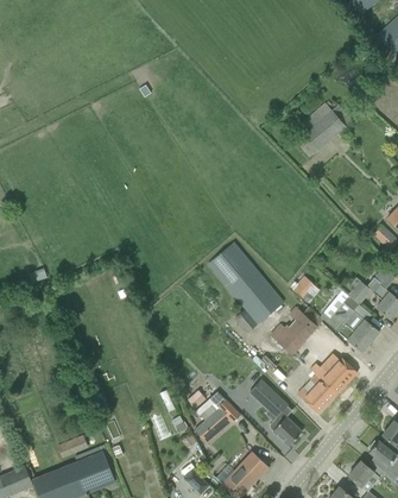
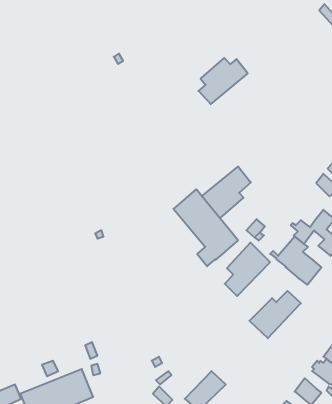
building: [295,103,352,157] -> [198,58,248,104]
building: none -> [202,167,251,218]
building: [248,380,302,447] -> none
building: [194,391,239,443] -> none

